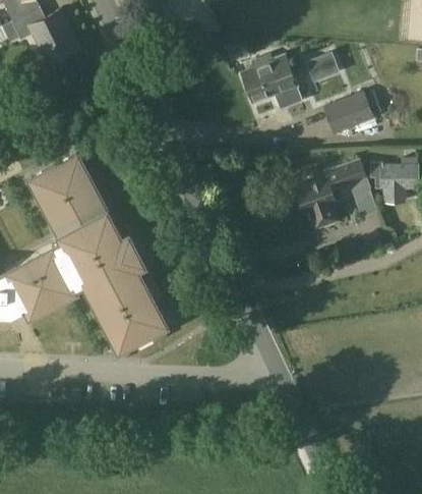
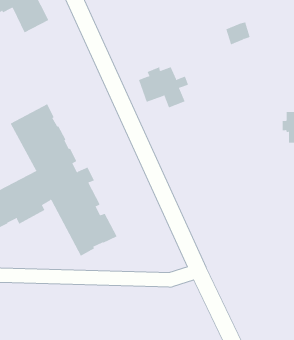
building: [242,56,306,109] -> [138,66,189,108]
building: [322,92,374,134] -> none
building: [295,158,371,228] -> none

